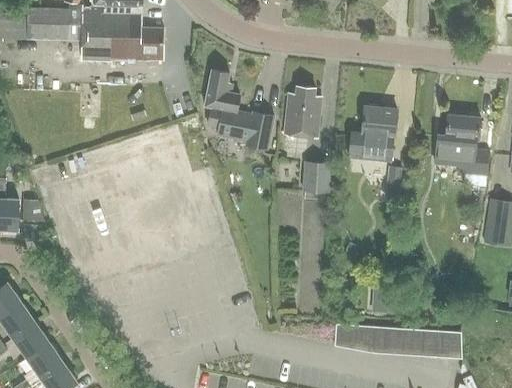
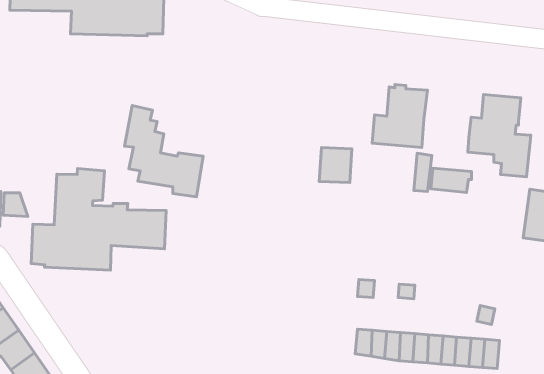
building: [204,69,274,150] -> [124,106,203,197]
building: [285,86,322,138] -> none
building: none -> [431,168,472,192]
building: none -> [31,169,166,270]

